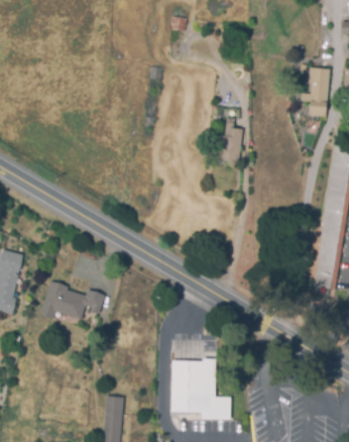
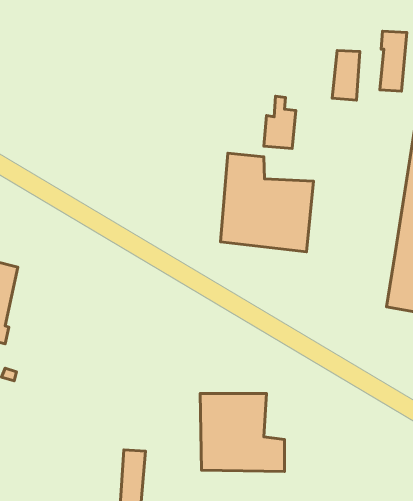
building: none -> [332,51,360,100]
building: none -> [221,153,314,252]
building: [39,282,102,319] -> none

